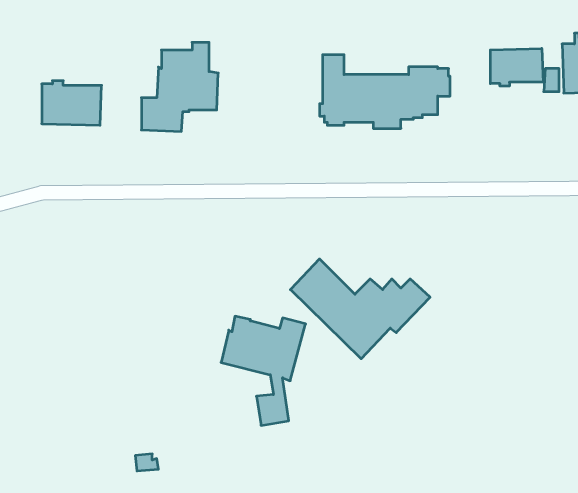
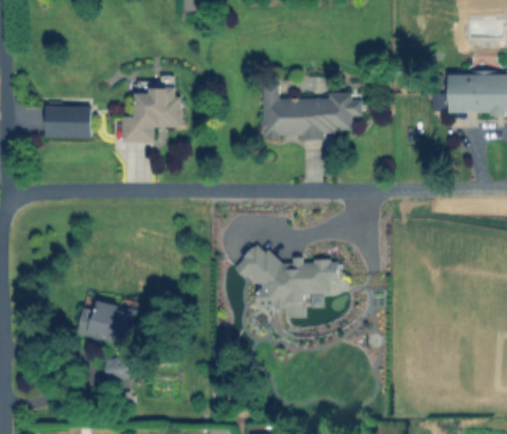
building: [490,48,543,86] -> none
building: [221,316,306,425] -> [75,298,140,383]

